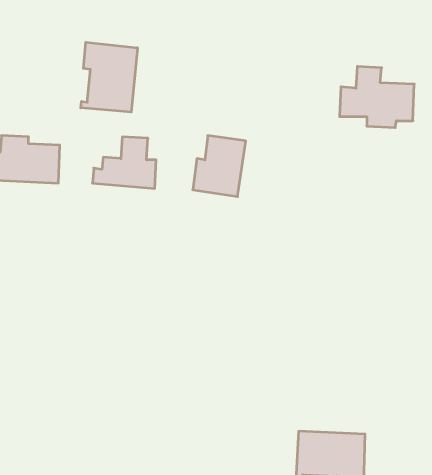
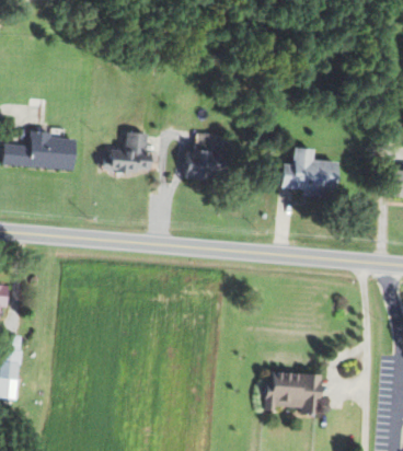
building: [81,42,137,112] -> none
building: [340,66,414,128] -> [280,148,341,197]

